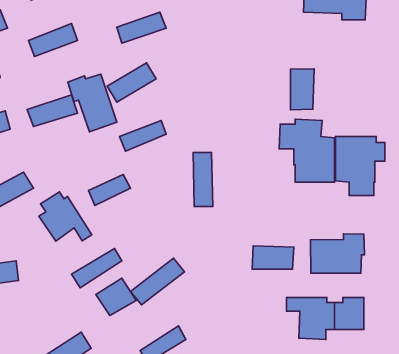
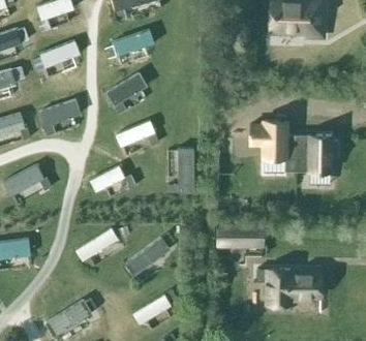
building: [291,69,314,110] -> none
building: [68,74,117,132] -> none
building: [39,192,92,241] -> none
building: [310,234,365,273] -> none
building: [96,278,136,316] -> none

